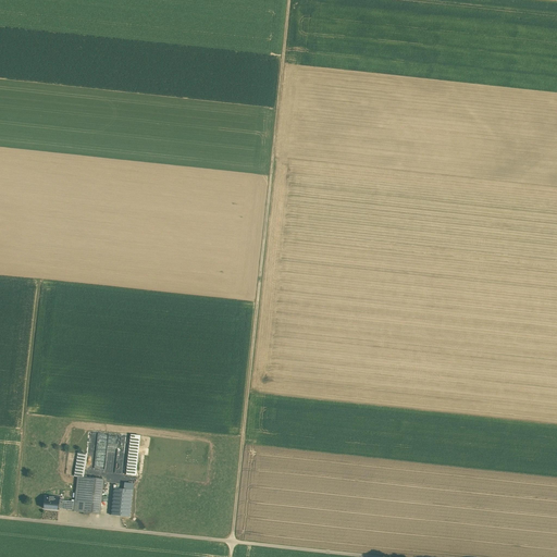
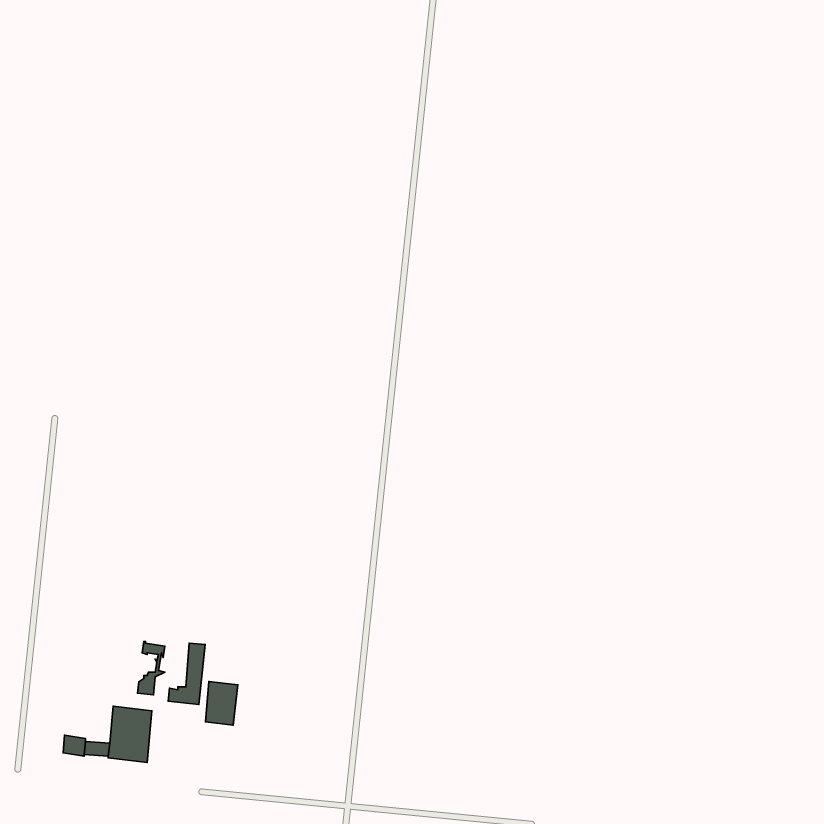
building: [110,487,132,517] -> [206,681,238,725]

